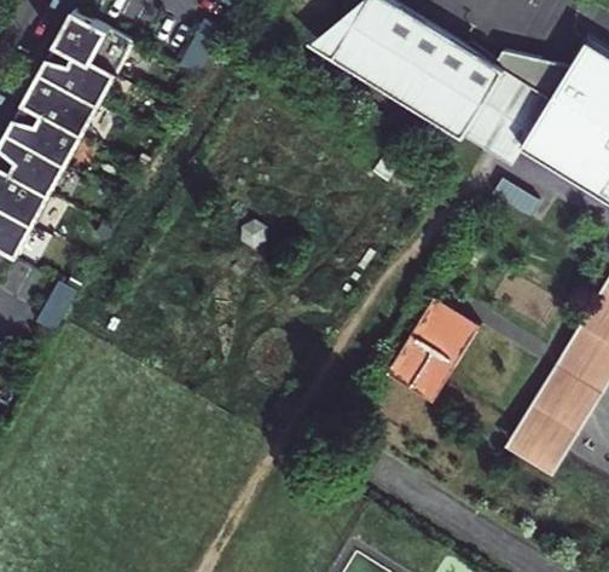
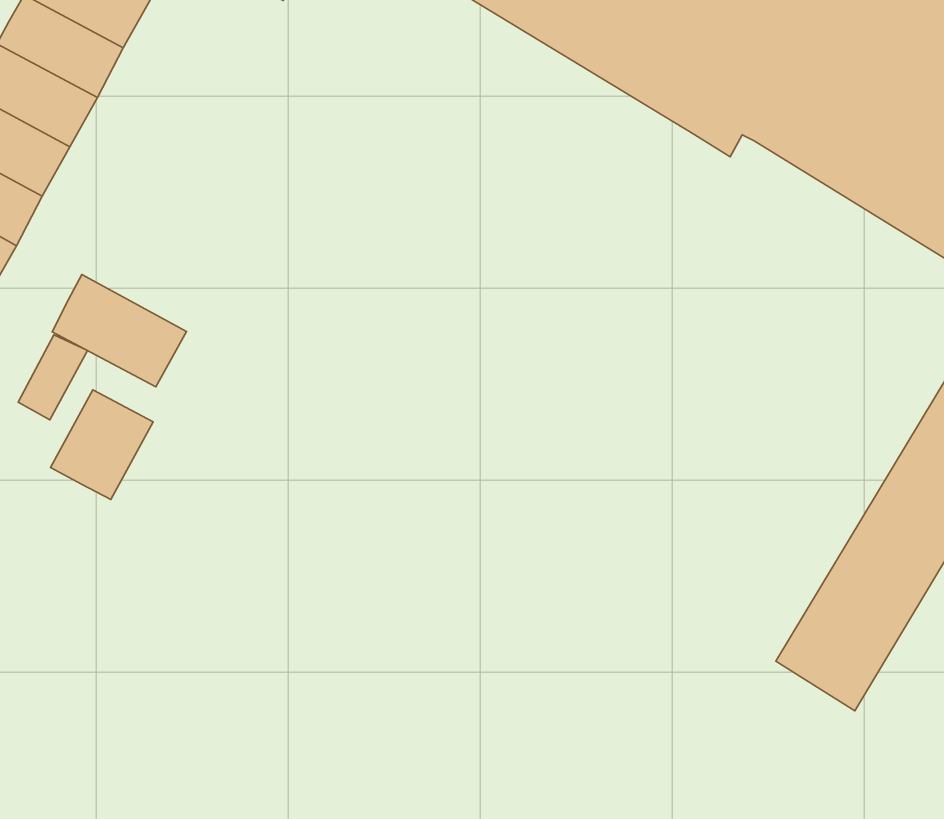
building: none -> [52,275,186,387]
building: [398,291,489,397] -> none
building: none -> [51,390,153,499]

